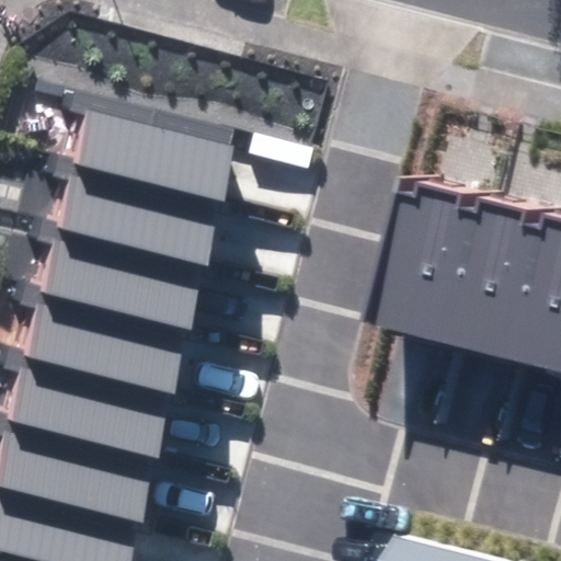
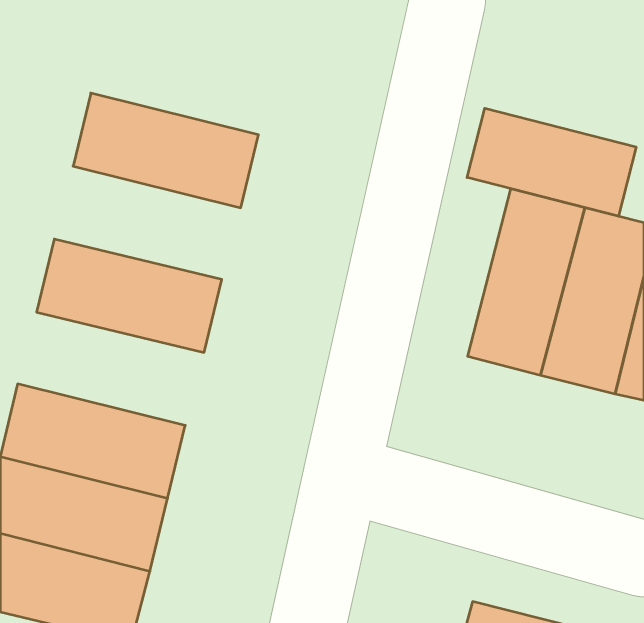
building: none -> [467,108,636,216]
building: [47,162,209,261] -> none
building: [15,289,178,388] -> none

